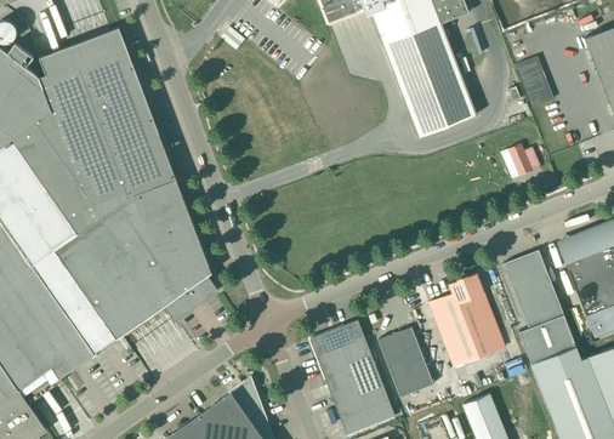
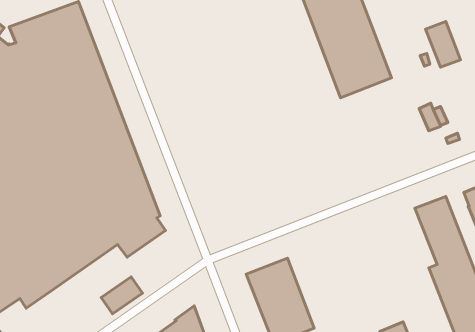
building: [428,274,505,367] -> none
building: [377,327,433,398] -> none
building: none -> [101,277,143,314]

